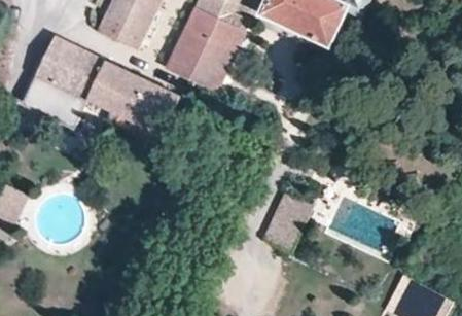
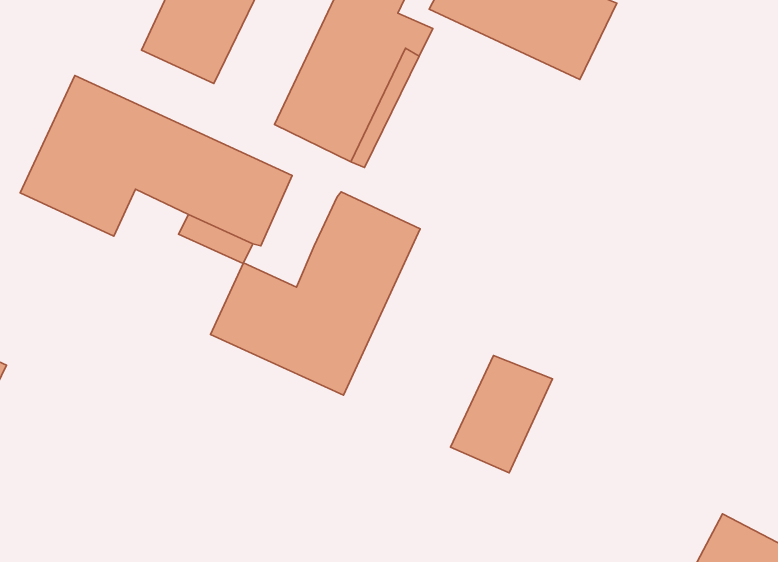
building: none -> [210,192,420,395]

